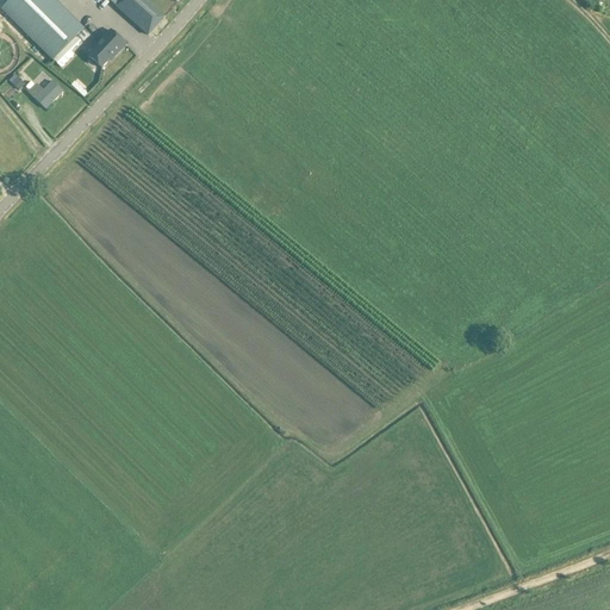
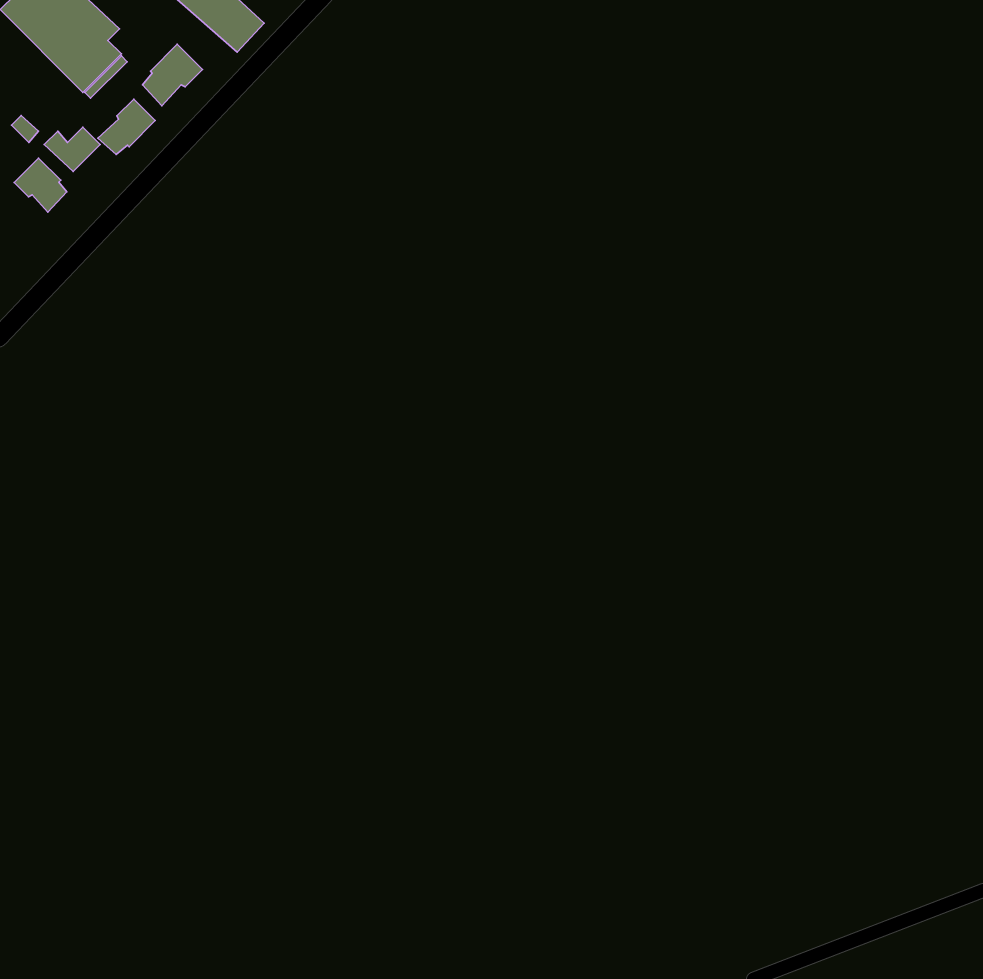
building: none -> [98,99,155,155]
building: none -> [14,158,67,212]

